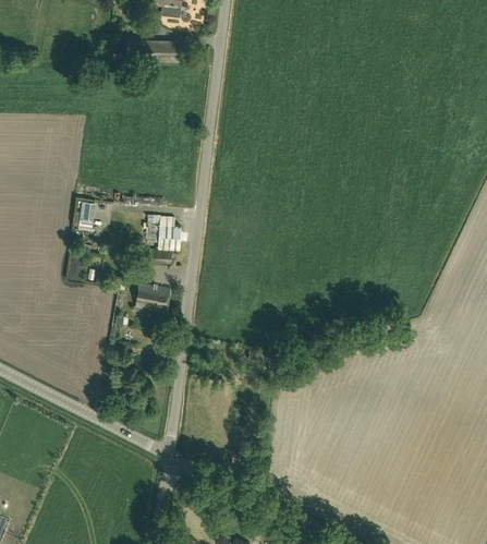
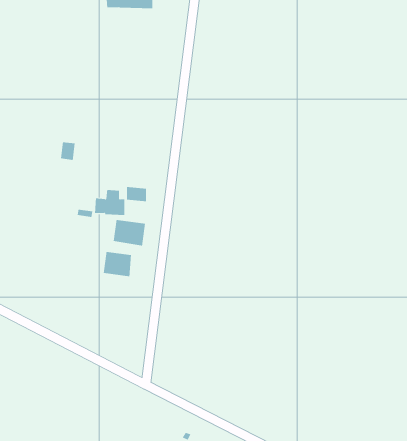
building: [148,216,181,243] -> [94,190,125,215]
building: none -> [103,251,132,277]

